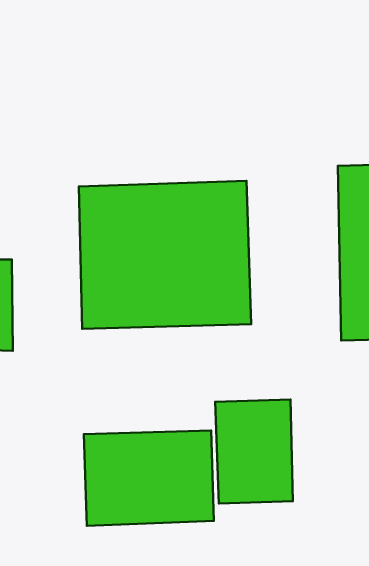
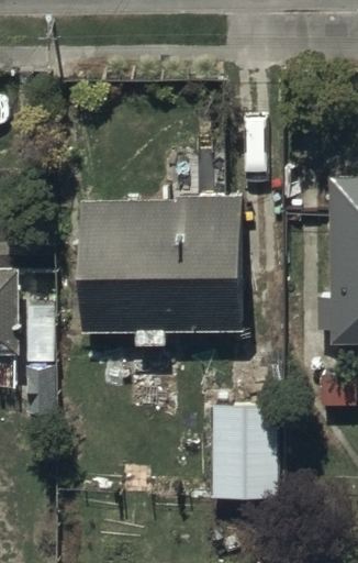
building: [84,431,214,526] -> none

